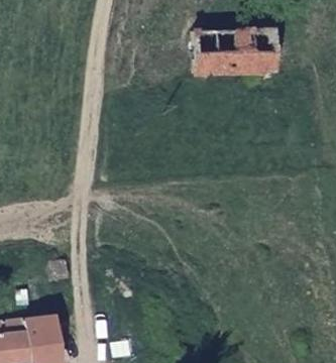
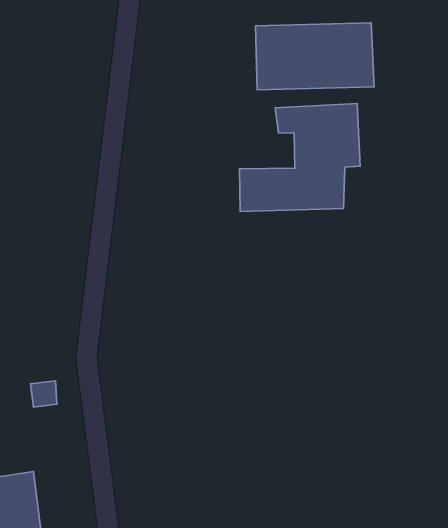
building: none -> [239,103,360,211]

